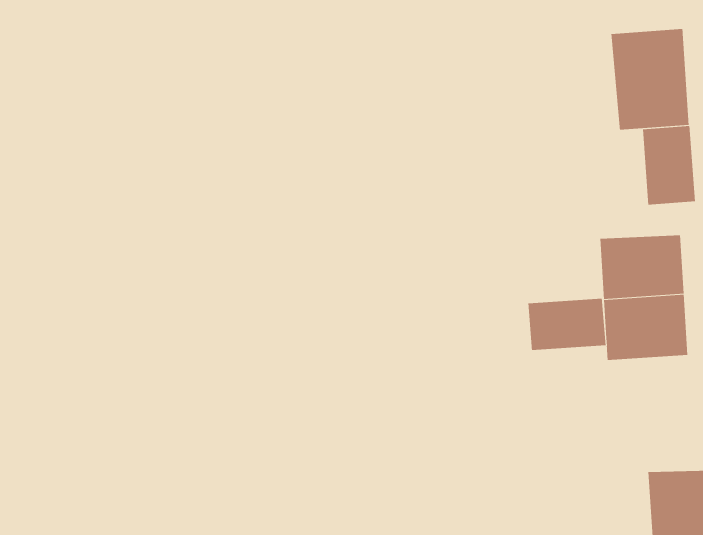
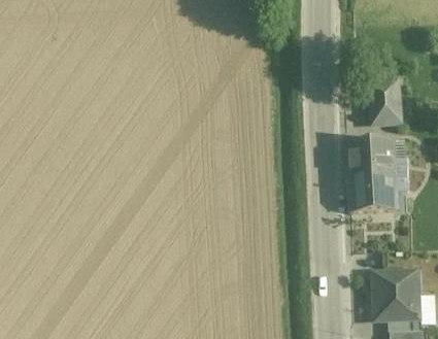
building: [611,28,689,131] -> none
building: [528,298,606,351] -> none

